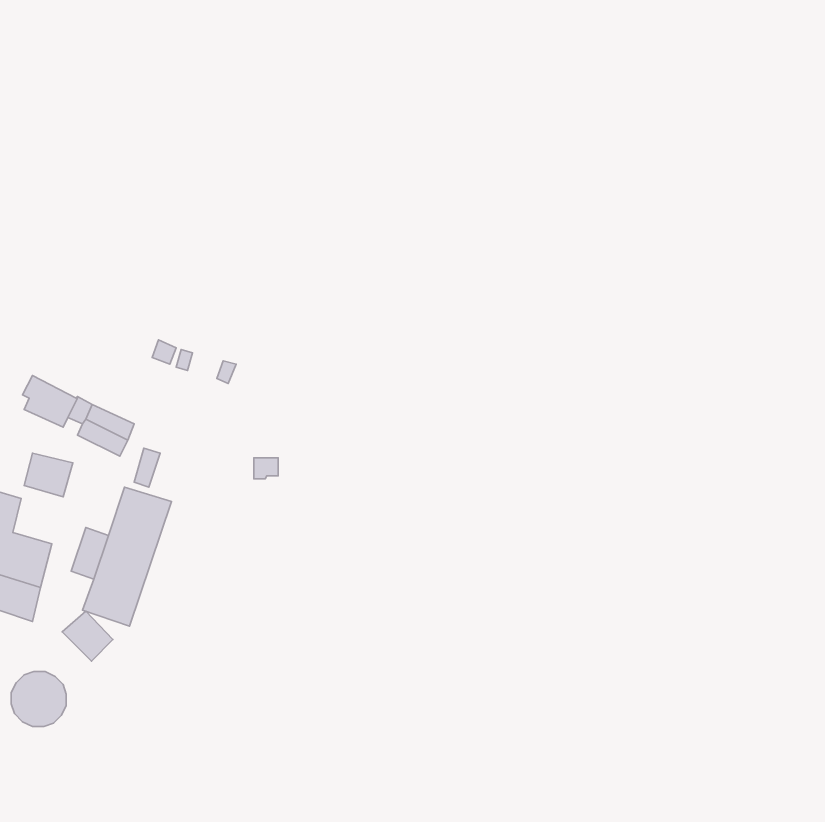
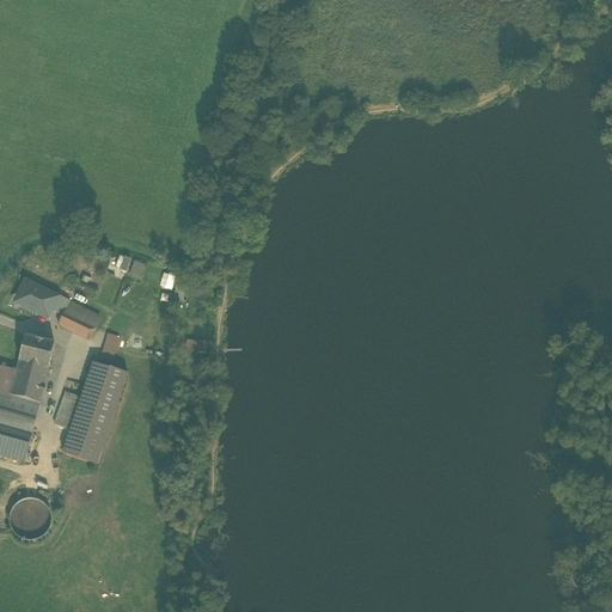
building: none -> [10,359,47,402]
building: [62,611,113,661] -> none

